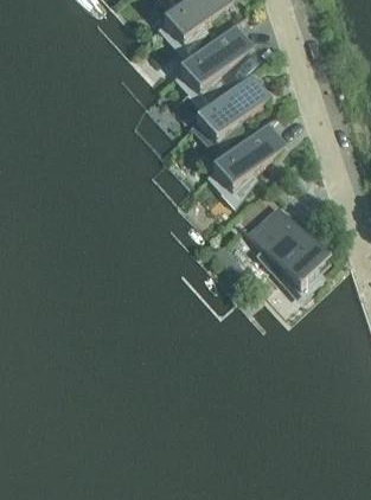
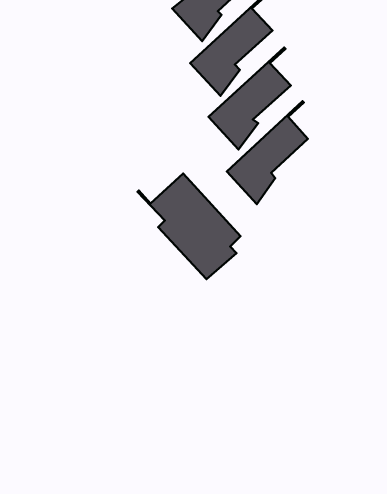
building: [234,205,327,301] -> [137,174,241,279]

